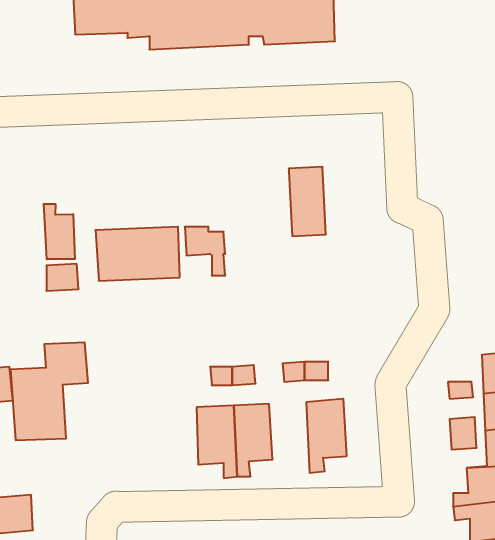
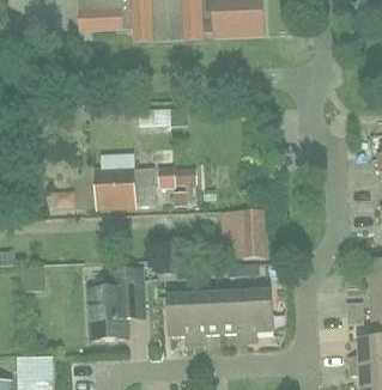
building: [289,167,326,236] -> [239,206,266,255]
building: [44,204,75,259] -> none
building: [10,342,88,440] -> [87,268,143,337]
building: none -> [218,290,247,340]

